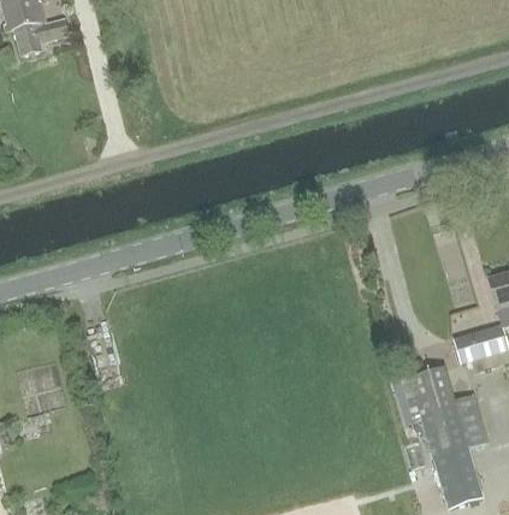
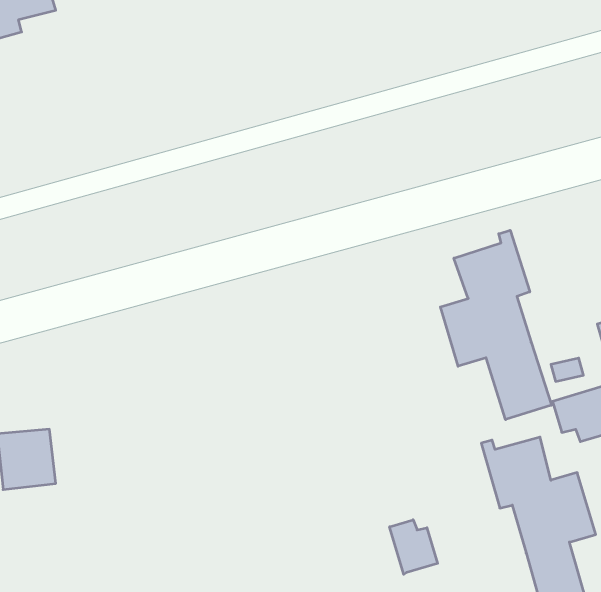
building: none -> [440,230,551,420]
building: none -> [390,520,438,574]

